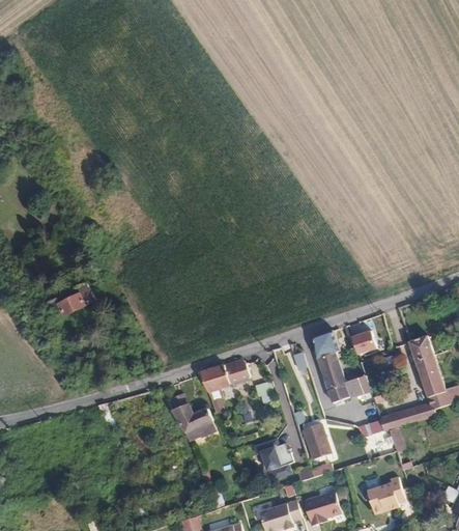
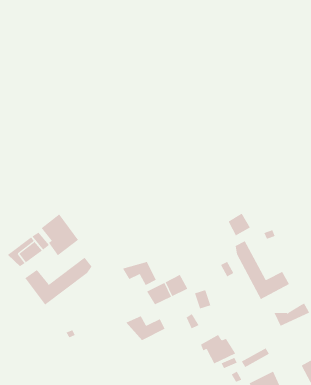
building: none -> [41,214,79,256]
building: none -> [24,257,92,305]
building: [352,332,378,358] -> [228,213,251,236]
building: none -> [122,261,157,286]
building: [303,424,332,462] -> none

